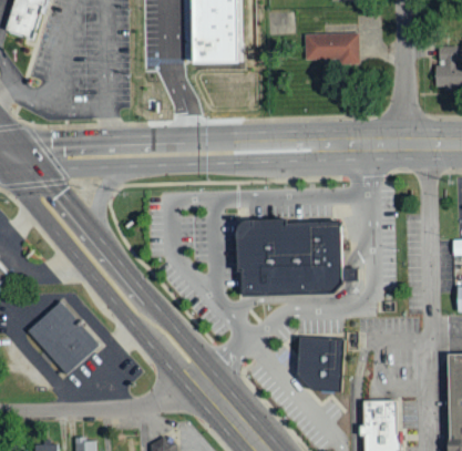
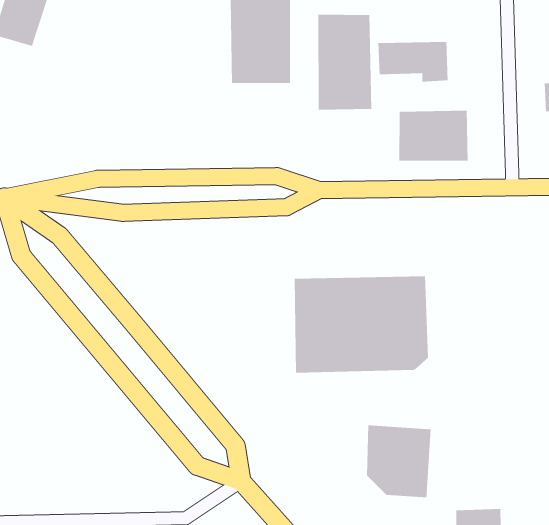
building: none -> [318,14,372,111]
building: none -> [398,110,469,162]
building: [24,299,100,375] -> none

